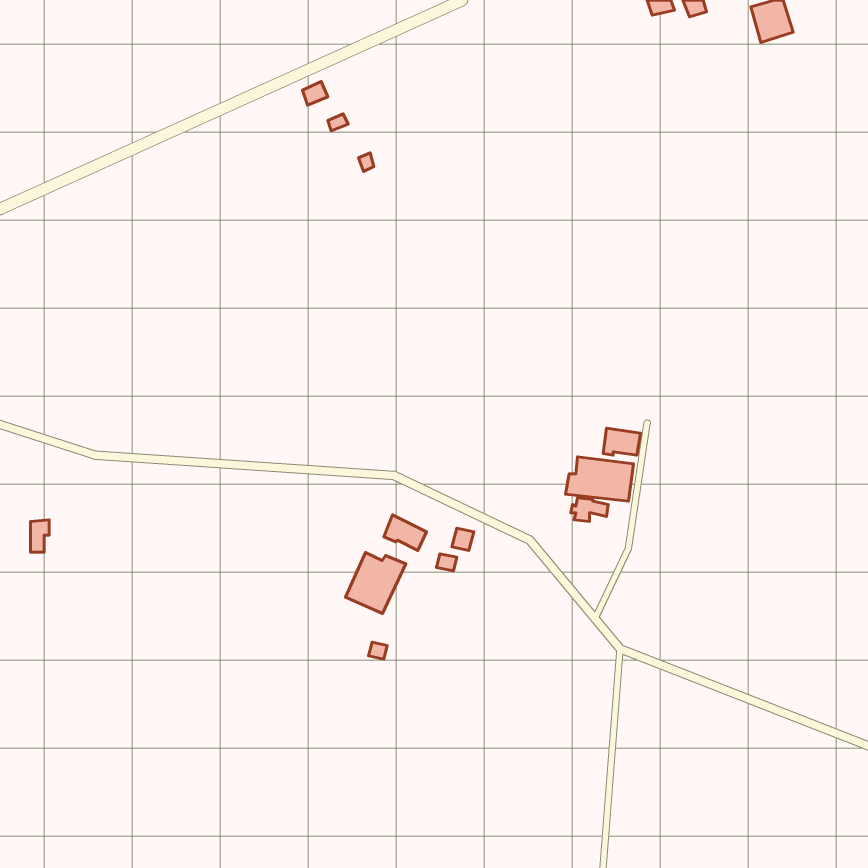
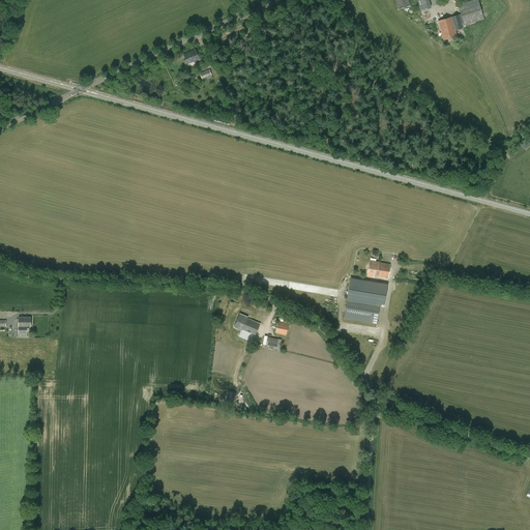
building: none -> [438,14,463,40]
building: [345,553,406,613] -> none

